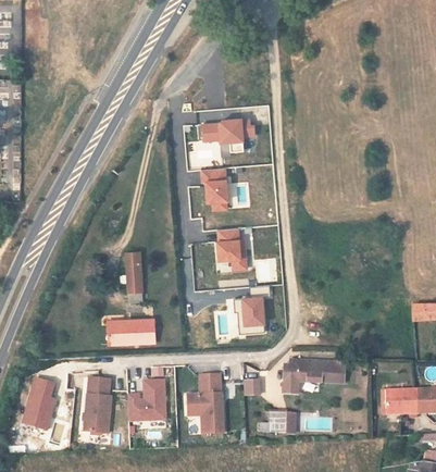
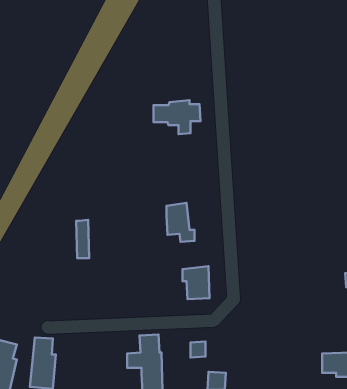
building: [203,167,231,211] -> none
building: [99,316,147,337] -> none
building: [278,361,340,384] -> none
building: [129,376,169,420] -> none

